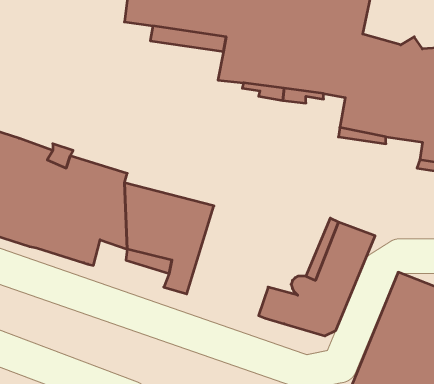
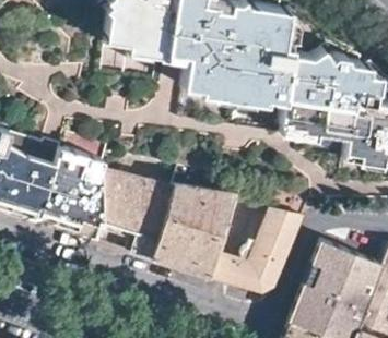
building: none -> [154,185,236,277]

